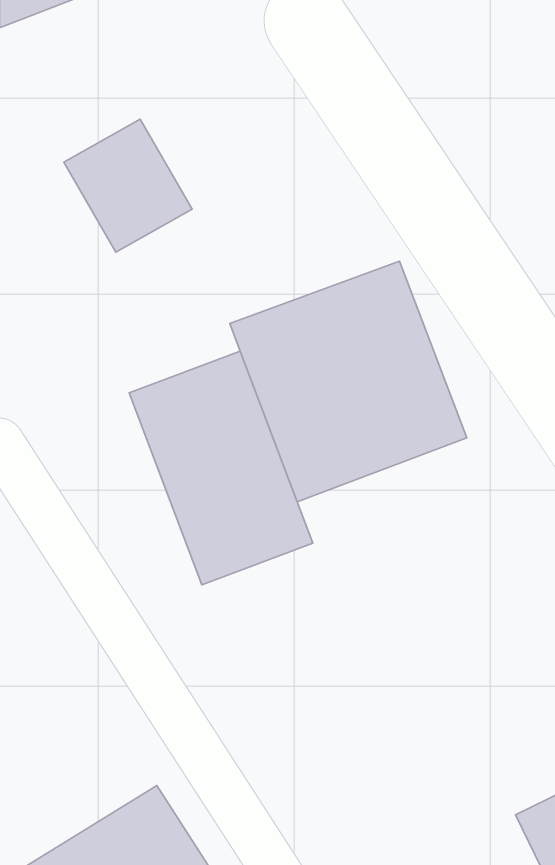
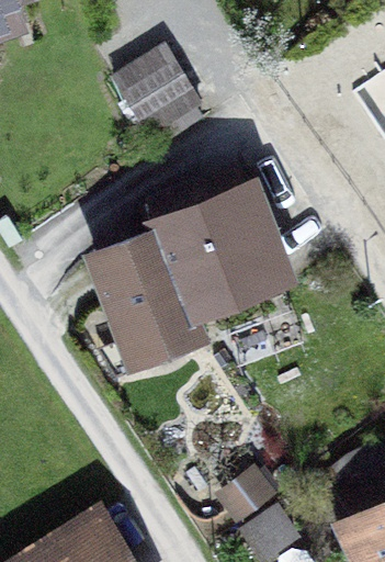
building: [64,119,192,252] -> [118,56,200,140]

